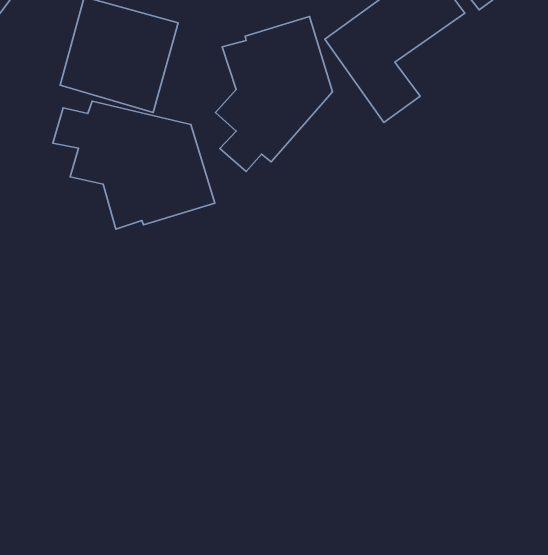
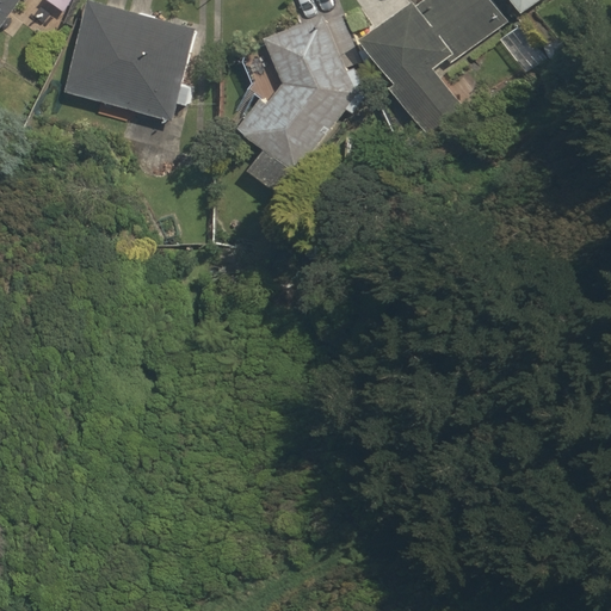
building: [53,101,215,229] -> none

